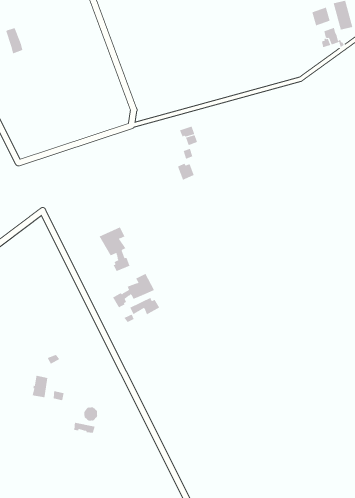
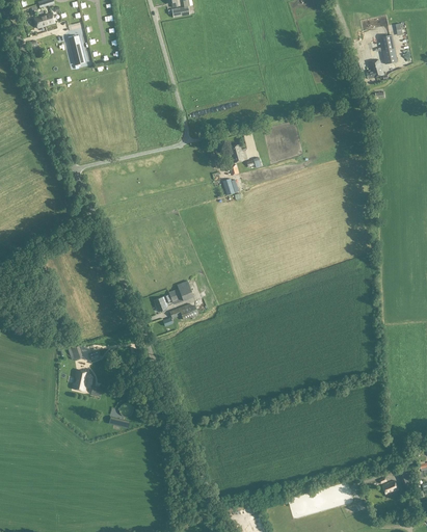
building: [99,226,130,272] -> none

